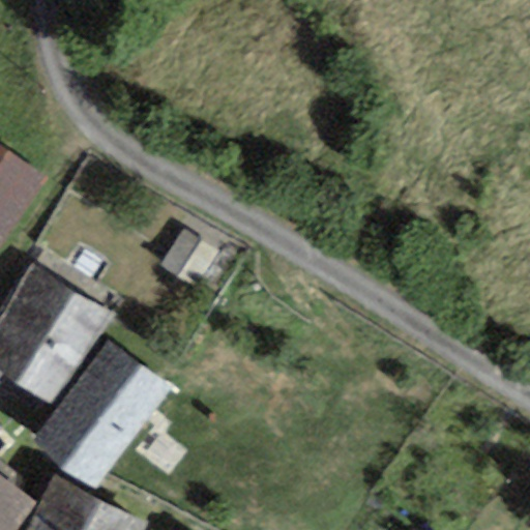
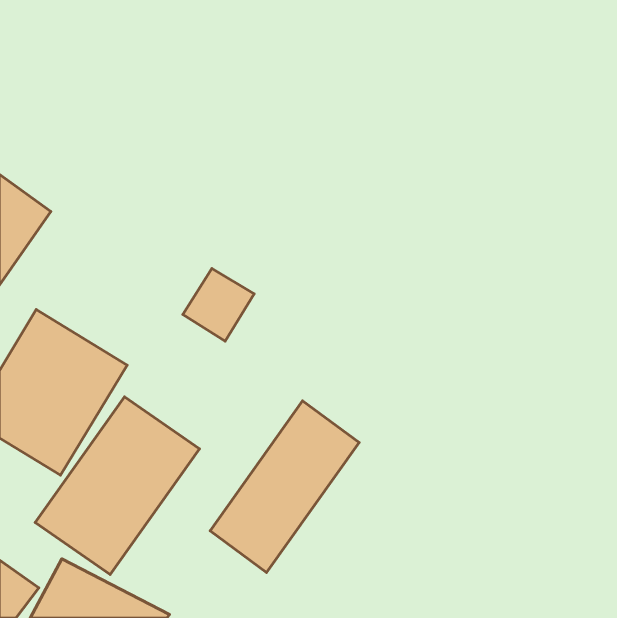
building: none -> [210,401,359,572]

